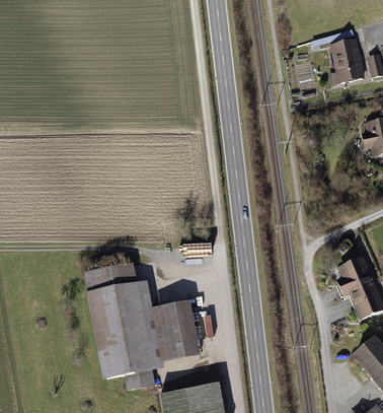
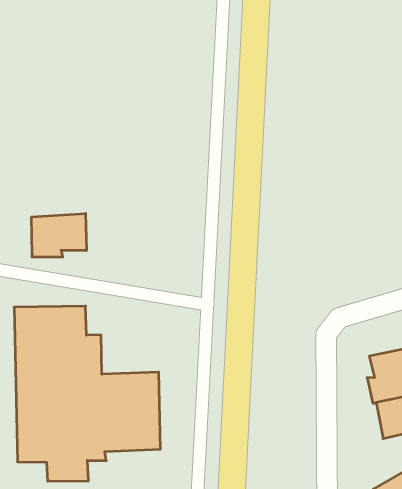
building: none -> [32,213,86,257]

